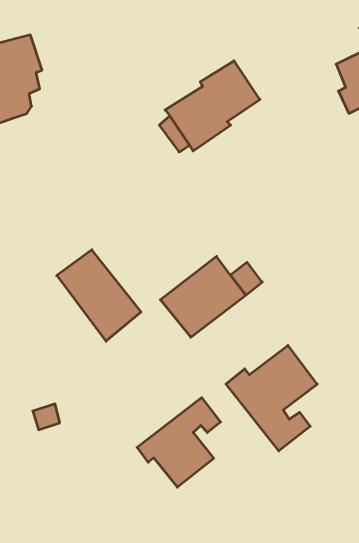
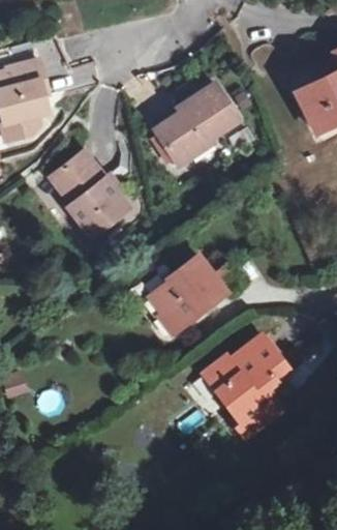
building: [57,250,141,341] -> [54,153,128,234]
building: [137,398,221,487] -> none

